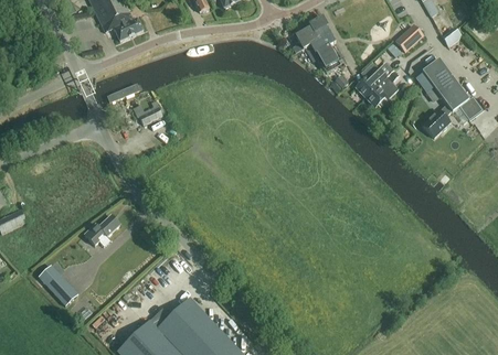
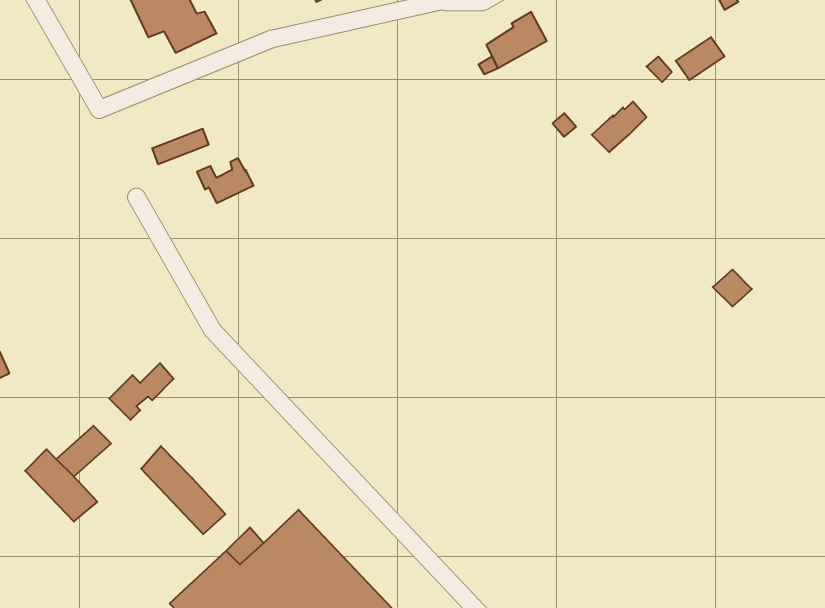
building: [310,33,338,68] -> none
building: [422,57,483,137] -> none
building: [365,76,399,106] -> none
building: none -> [141,446,225,534]

